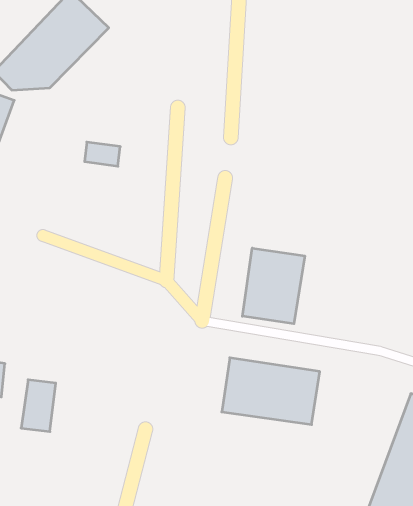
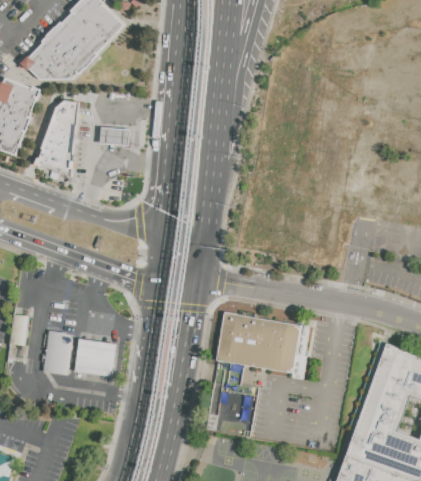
building: none -> [34,100,80,173]
building: [242,248,305,324] -> none
building: none -> [77,341,118,377]

